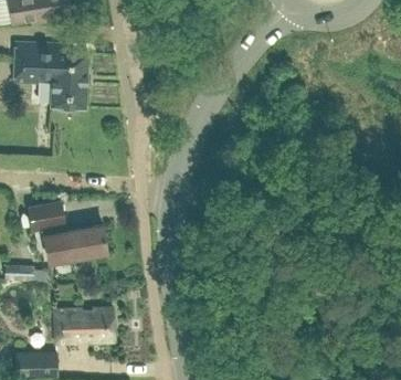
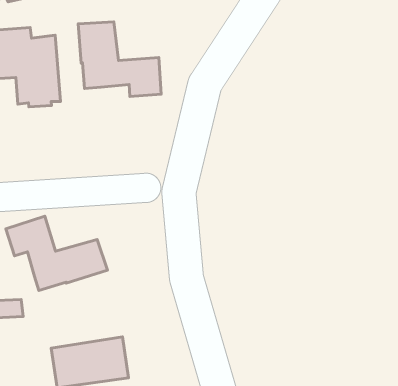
building: none -> [78,22,161,97]

